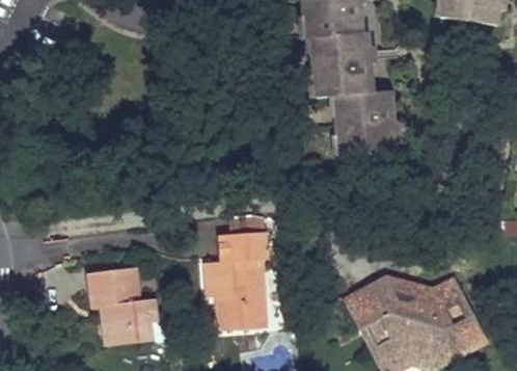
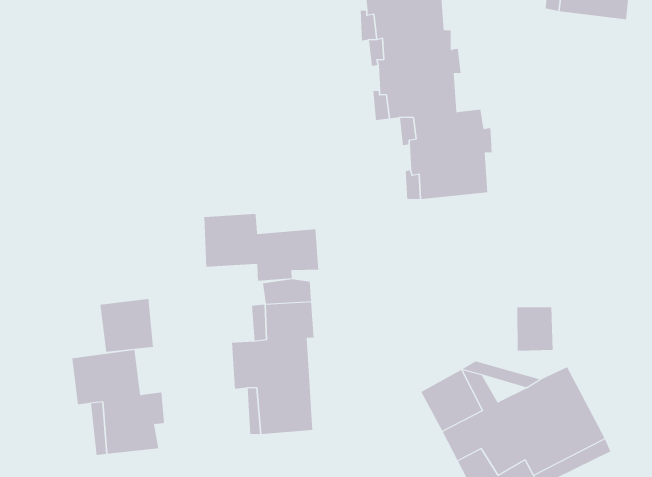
building: none -> [204,213,319,282]
building: none -> [100,298,154,353]
building: none -> [517,306,553,351]

